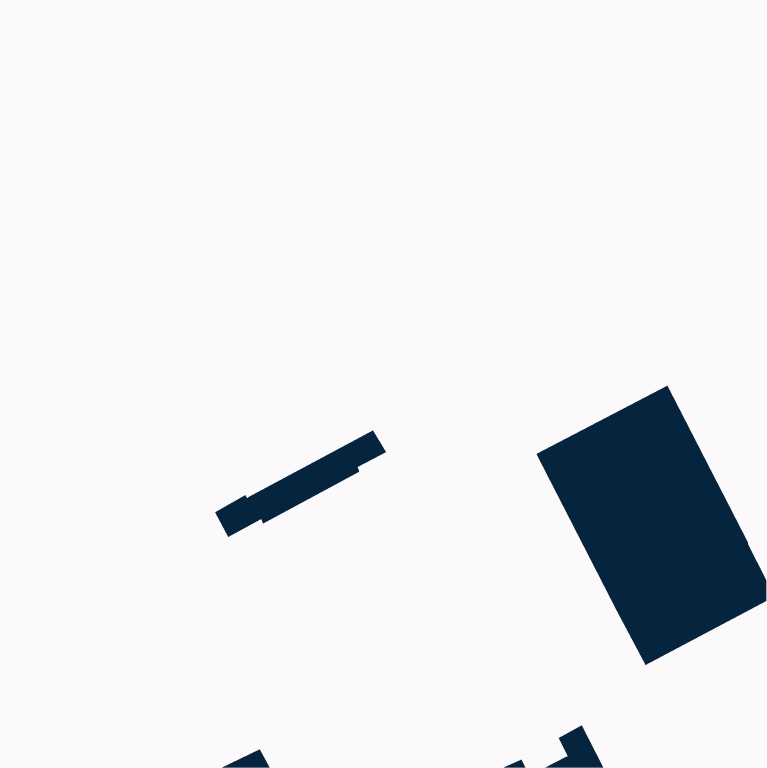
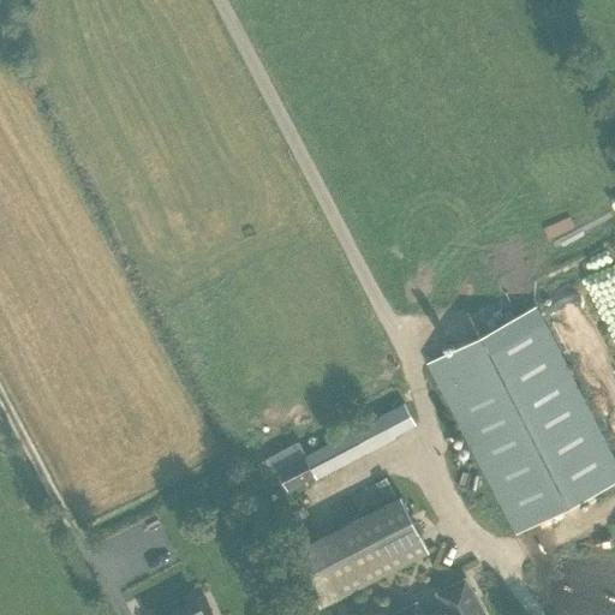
building: [214,430,387,538] -> [277,404,416,490]
building: none -> [295,496,431,609]

